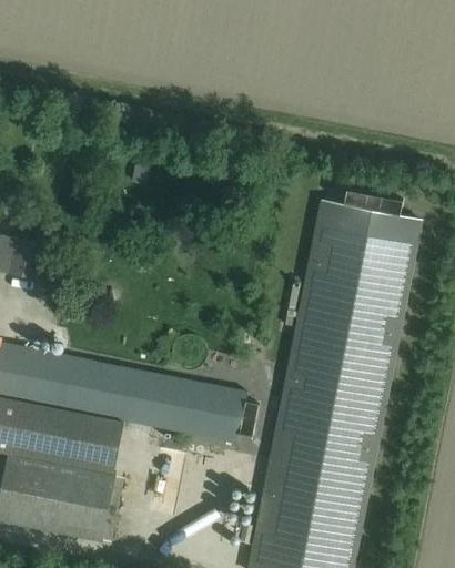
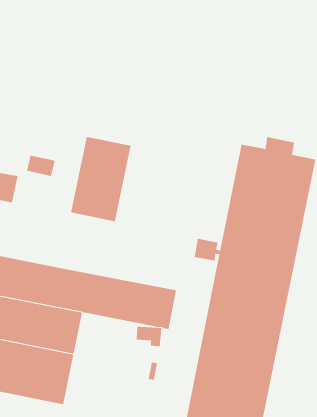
building: none -> [70,136,131,222]
building: none -> [27,155,56,177]

